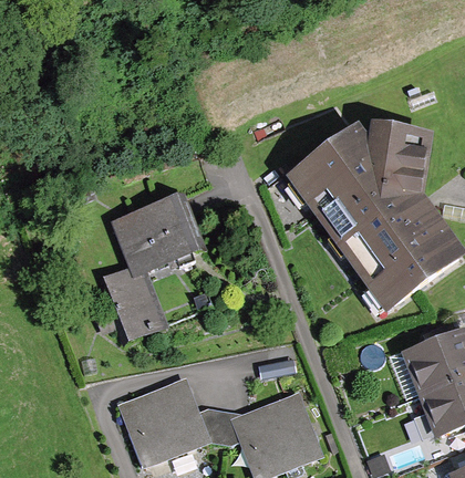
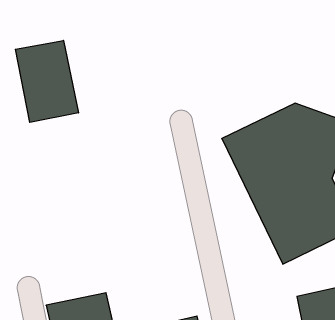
building: none -> [15,40,78,122]
building: [106,197,198,342] -> none

